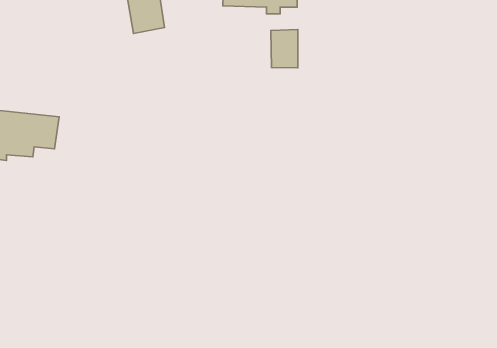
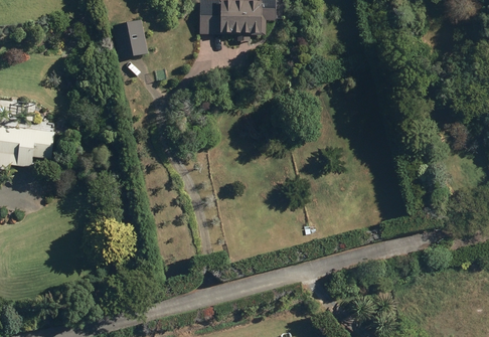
building: [271,29,298,68] -> none

